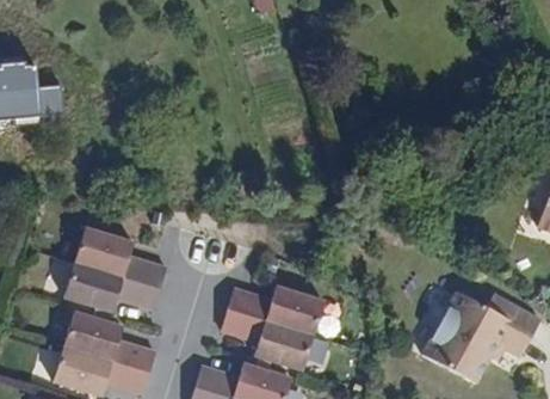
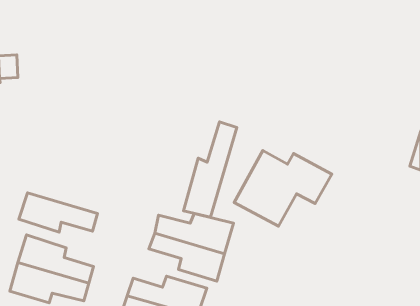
building: none -> [184,122,237,217]
building: [73,225,163,284] -> none
building: [425,290,543,382] -> [234,150,332,226]

